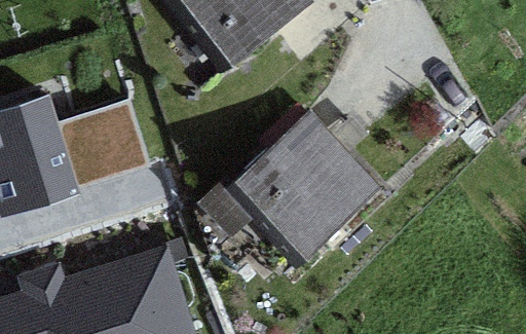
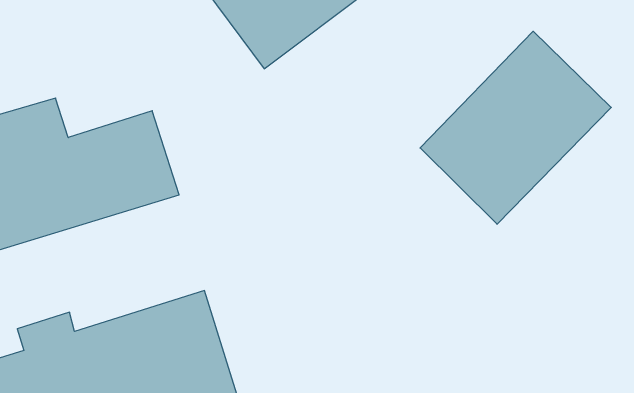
building: none -> [420,31,611,224]
building: [221,115,374,268] -> none

